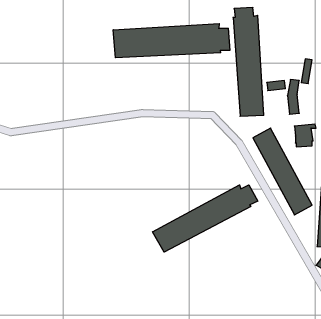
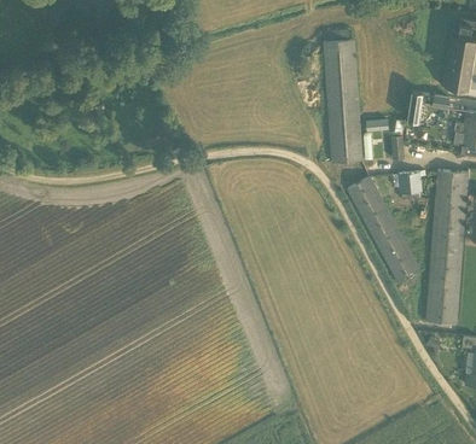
building: [113,24,230,58] -> none
building: [153,185,258,252] -> none

